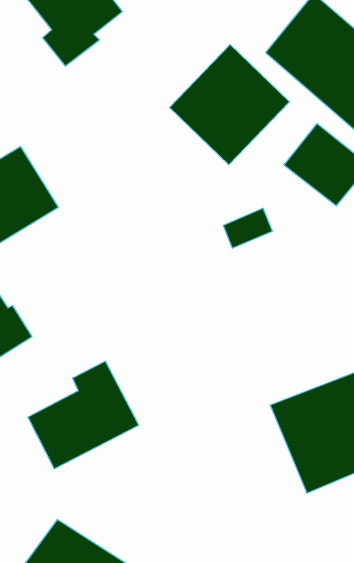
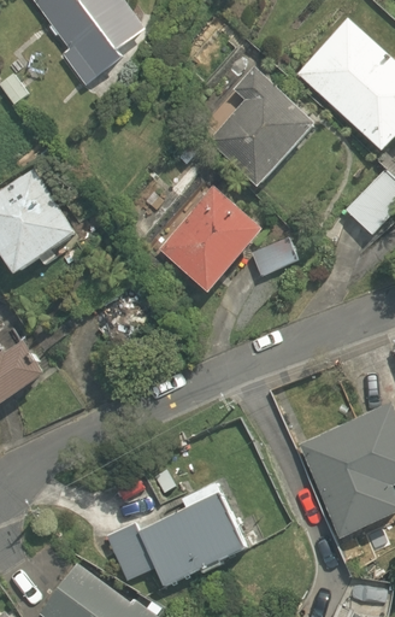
building: none -> [152,184,259,294]
building: [28,361,139,469] -> [131,477,248,590]

